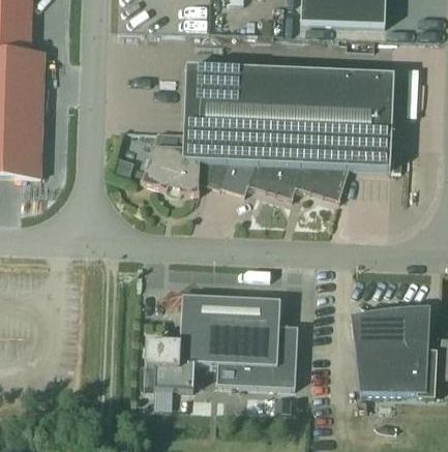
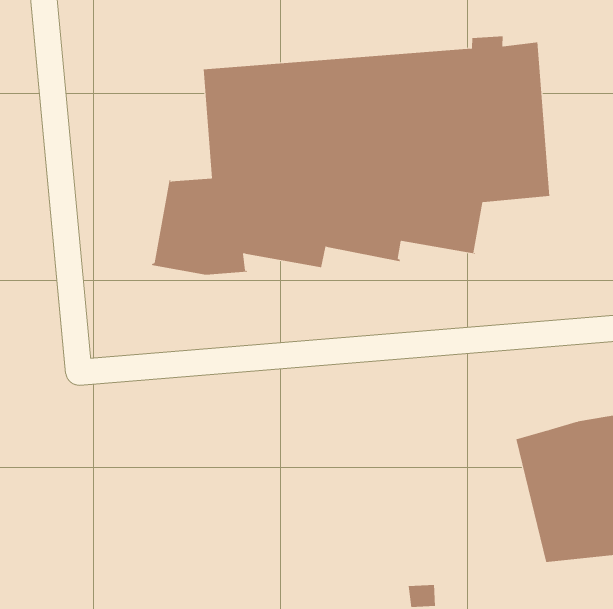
building: [144,295,297,389] -> none

